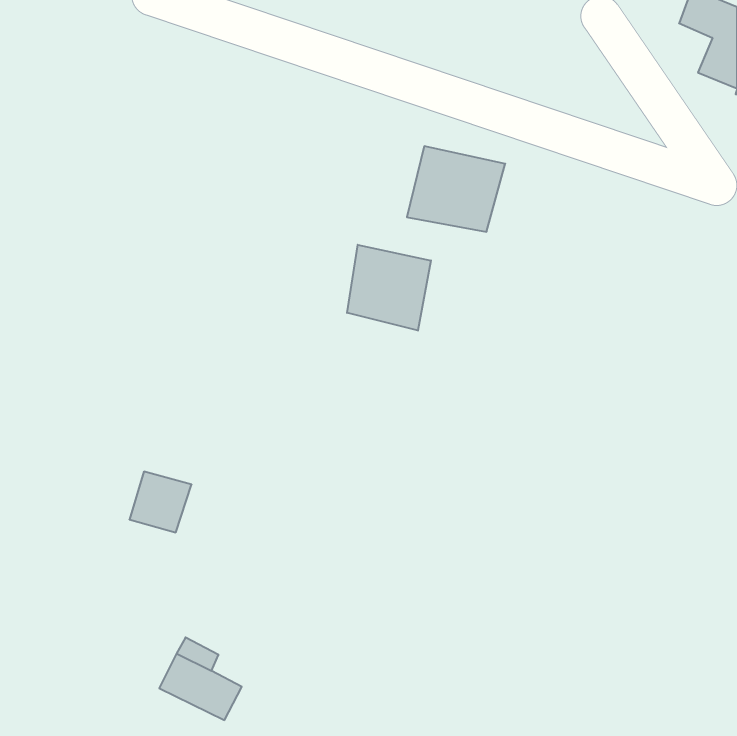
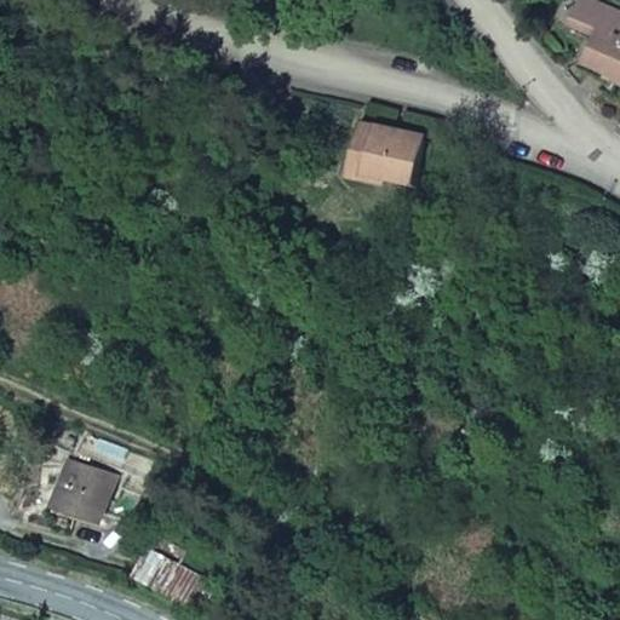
building: [347,245,431,331] -> none
building: [129,472,192,532] -> [58,460,110,511]

